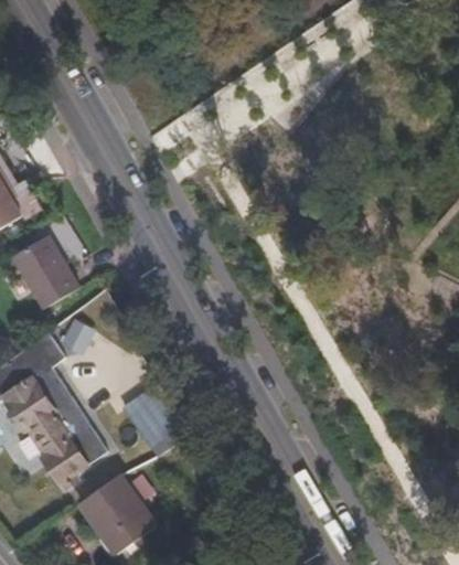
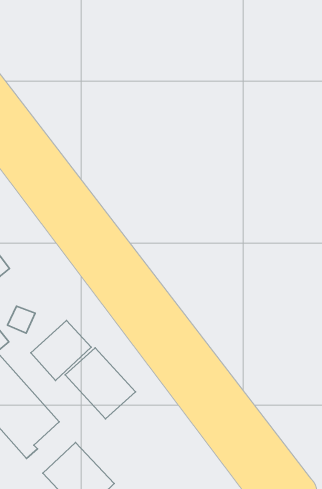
building: none -> [31,320,91,381]

